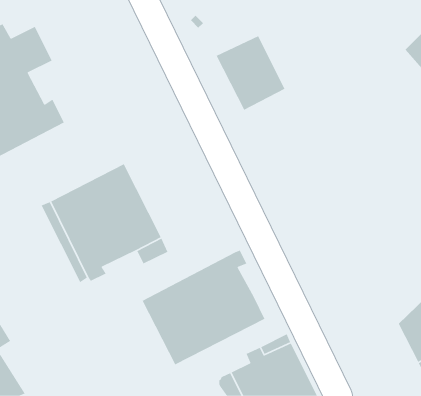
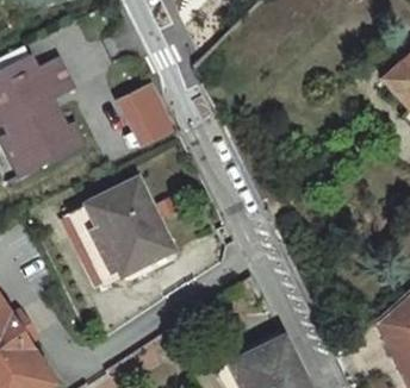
building: [215,35,286,111] -> [117,81,179,148]
building: [142,250,266,366] -> none

